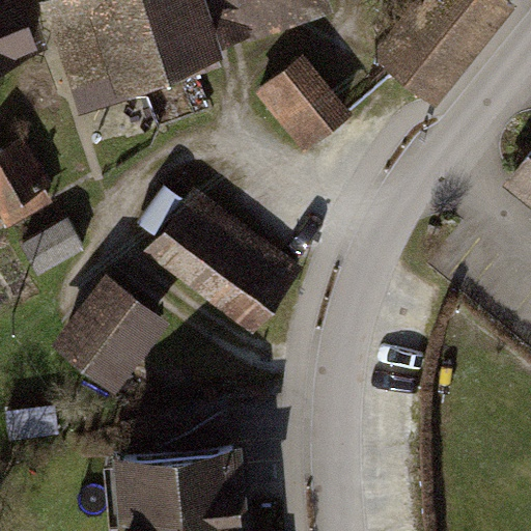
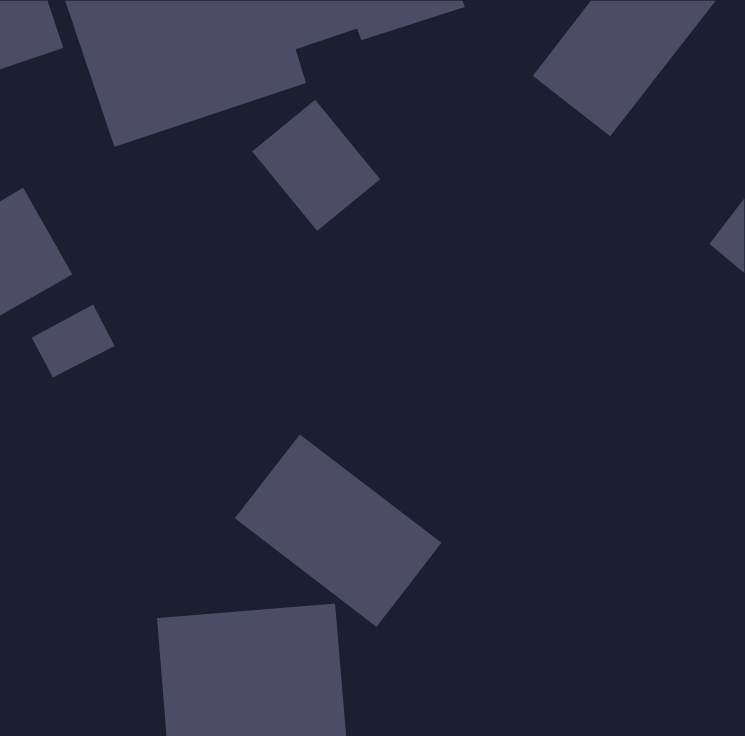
building: [255,54,347,148] -> [251,99,381,232]
building: [147,193,296,331] -> [234,433,443,628]
building: [47,270,165,390] -> none

